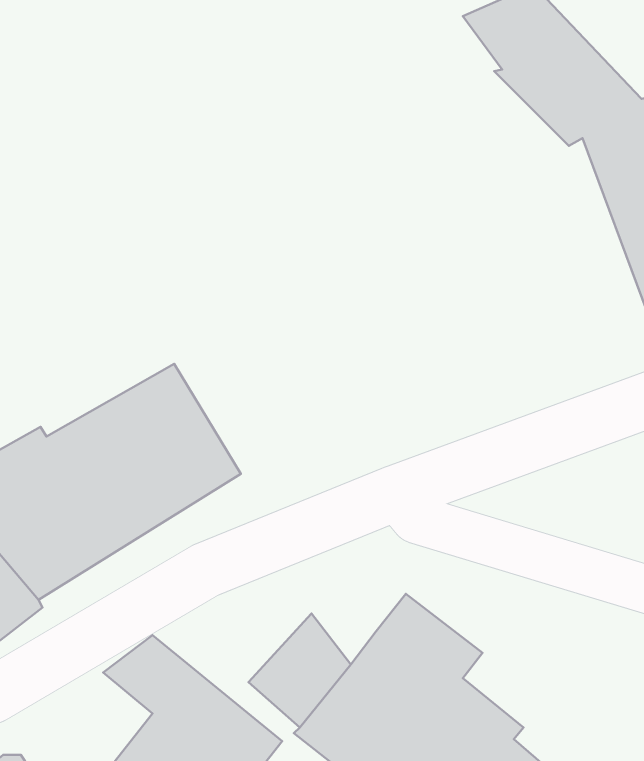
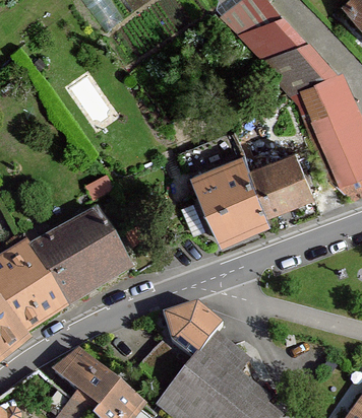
building: none -> [191,149,310,239]
building: none -> [163,299,220,349]

